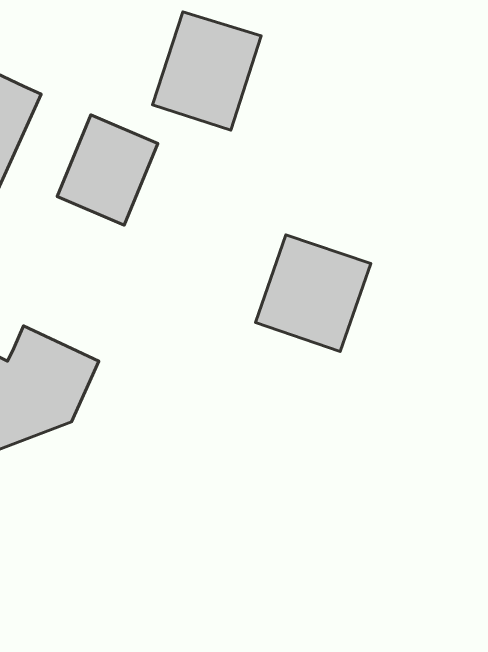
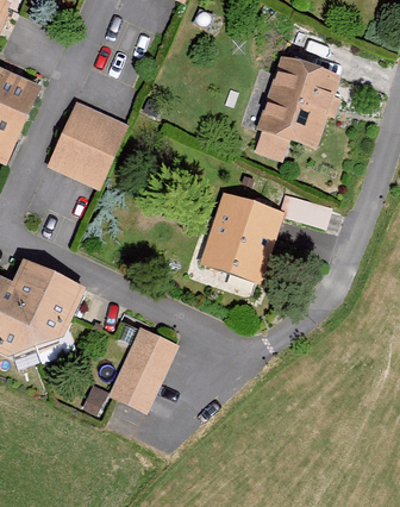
building: [152,12,261,130] -> [258,57,339,145]
building: none -> [105,326,175,412]

